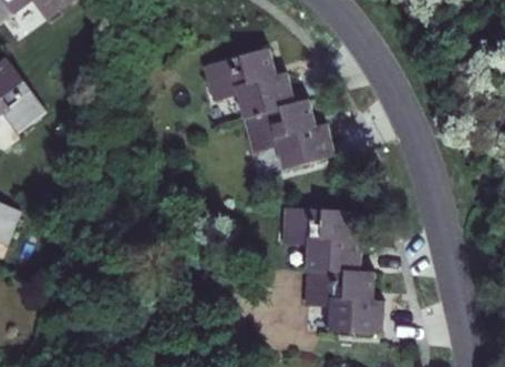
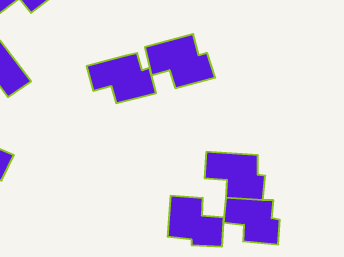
building: [240,103,334,171] -> [87,53,156,103]
building: none -> [168,196,224,247]

